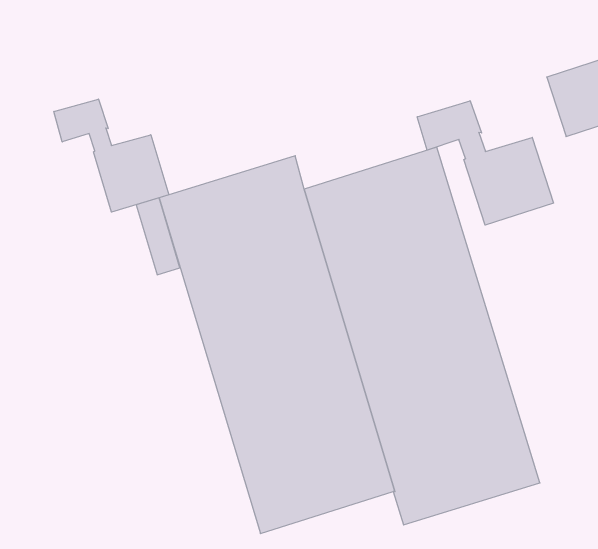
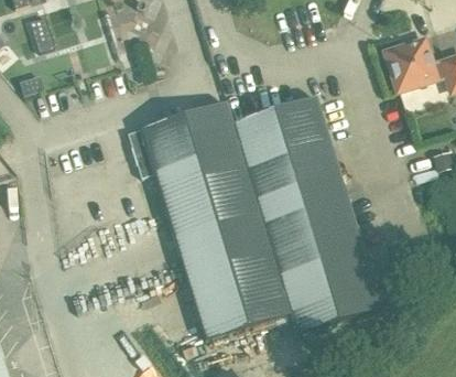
building: [54,99,169,212] -> none
building: [417,101,553,225] -> none

